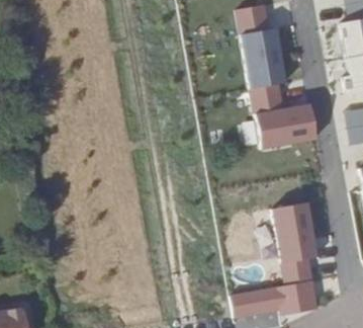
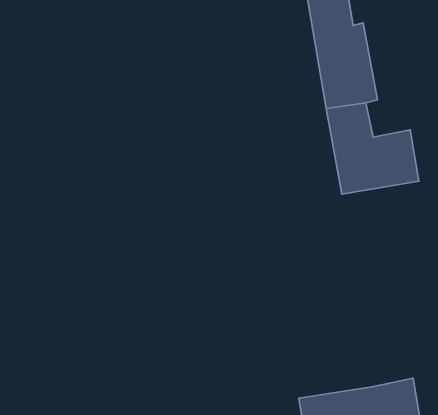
building: [270,201,317,285] -> none

